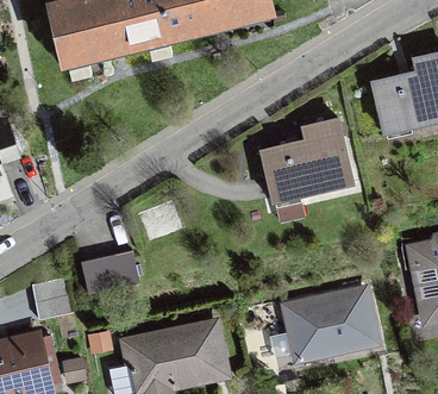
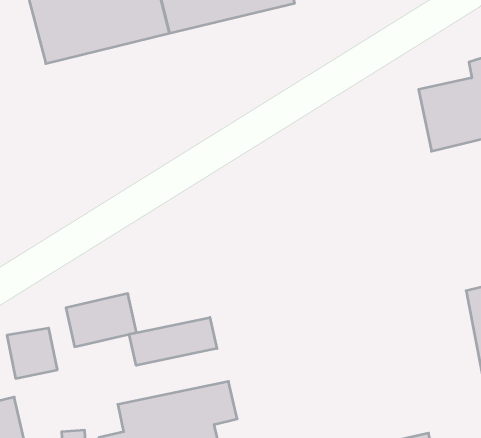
building: [261,118,352,201] -> none
building: none -> [129,317,217,365]
building: [286,289,376,359] -> none

